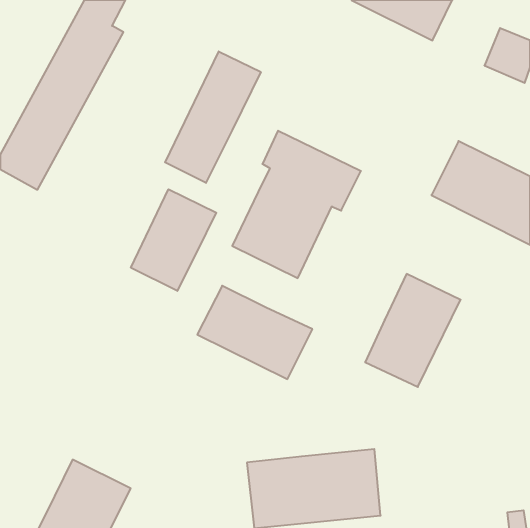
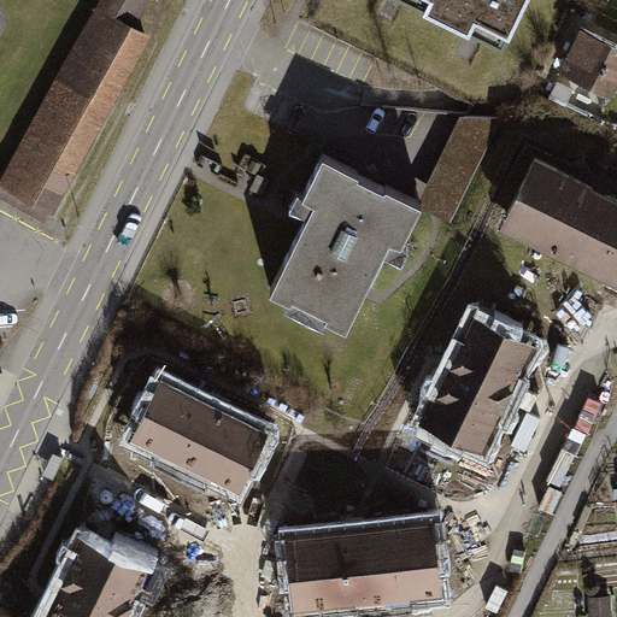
building: [165,51,261,183] -> none
building: [131,189,216,291] -> none
building: [197,286,312,379] -> [135,383,269,492]

